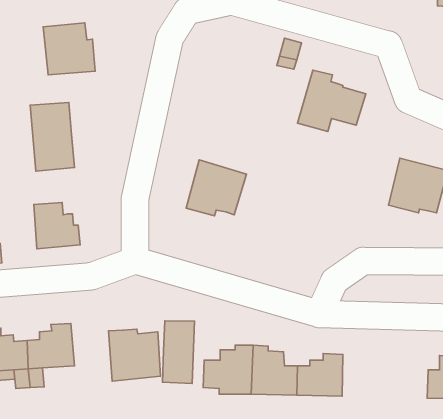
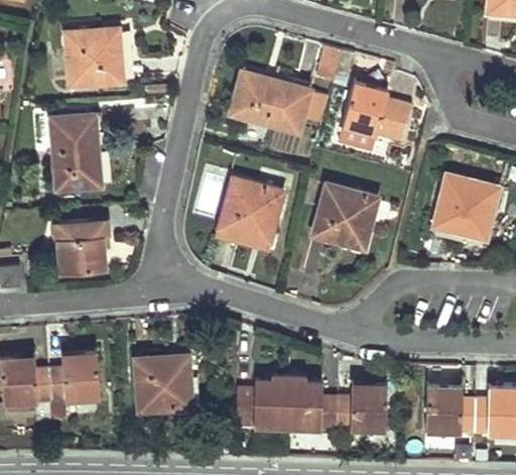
building: none -> [230,79,308,133]
building: none -> [313,185,377,243]
building: [163,321,194,384] -> none
building: none -> [426,385,477,432]

